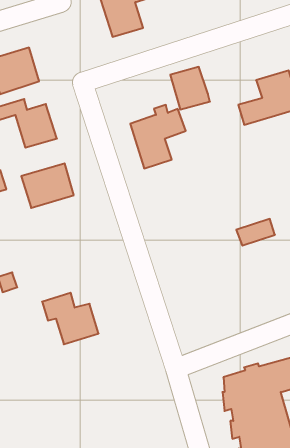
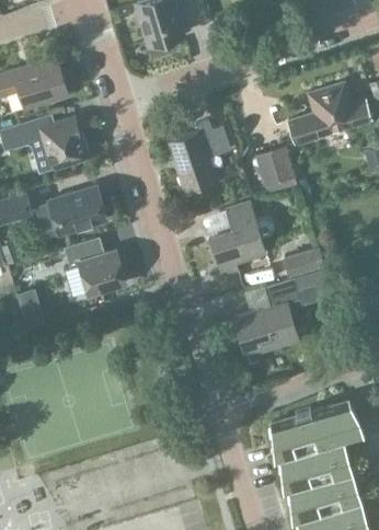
building: [170,67,210,109] -> [253,147,297,194]
building: none -> [208,203,274,277]
building: none -> [234,270,325,353]
building: [42,293,99,344] -> [64,239,126,296]

